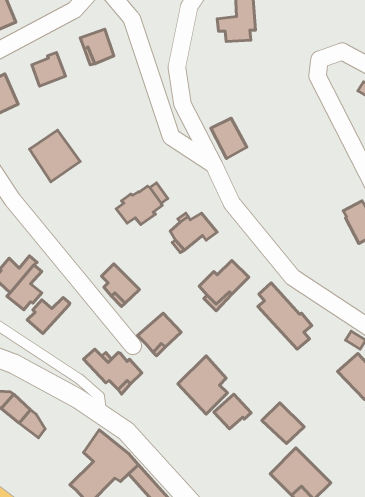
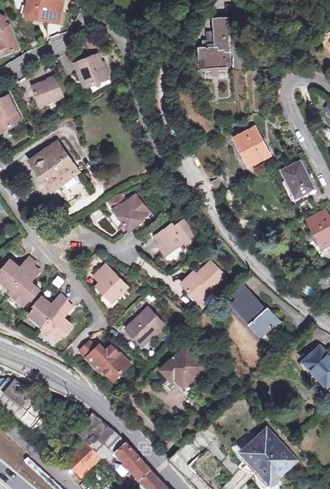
building: [211,118,247,159] -> [237,127,269,163]
building: none -> [283,160,314,204]
building: none -> [40,302,70,341]
building: [214,394,251,429] -> none
building: [262,403,304,444] -> none

